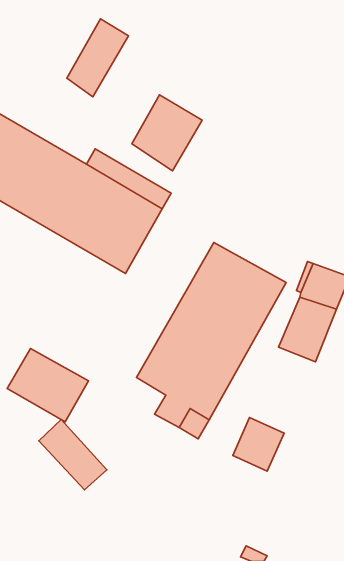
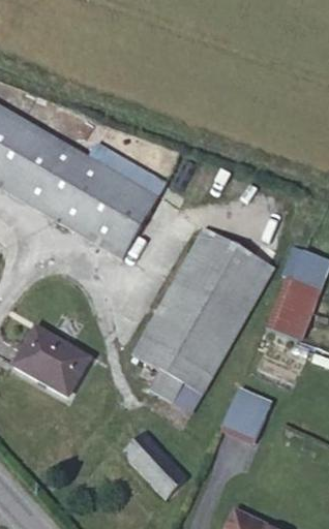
building: [67,19,128,97] -> none
building: [132,95,202,171] -> none
building: [39,420,107,490] -> [123,431,186,496]

